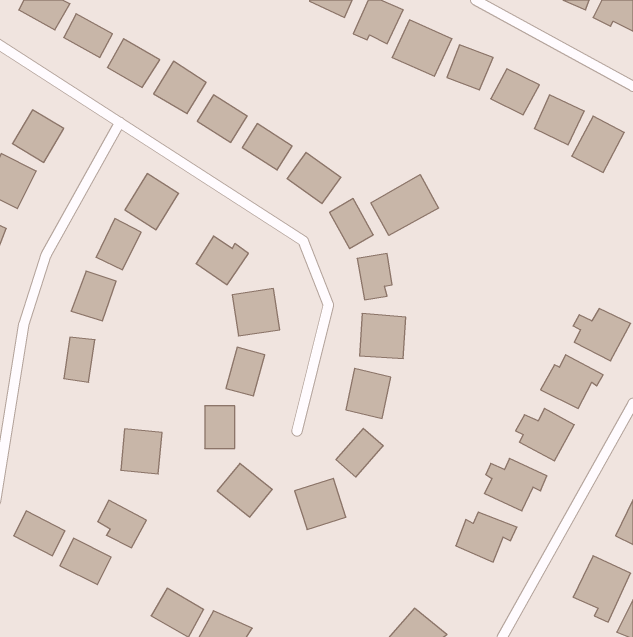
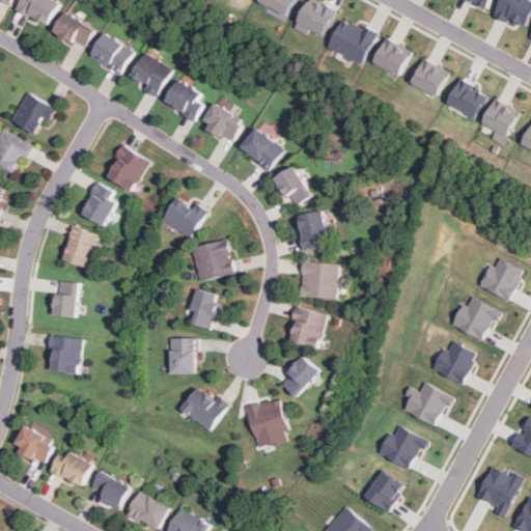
building: [371,175,439,235] -> none
building: [121,429,162,474] -> [47,336,81,373]
building: [98,500,146,548] -> [90,470,131,509]
building: none -> [365,471,404,511]

